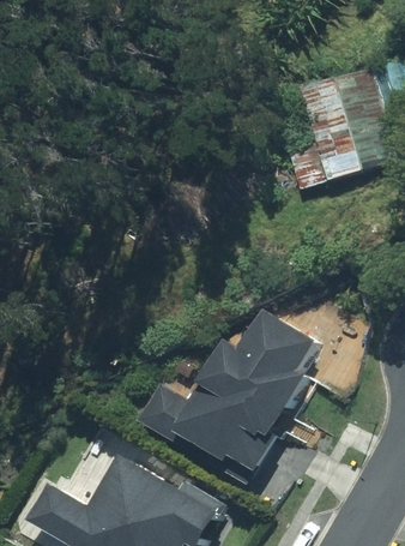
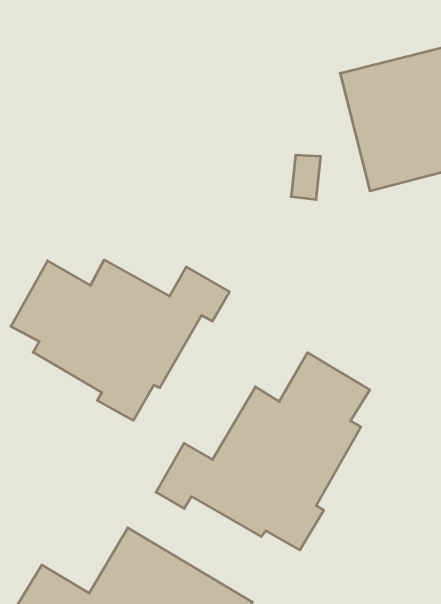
building: none -> [11,260,229,420]

